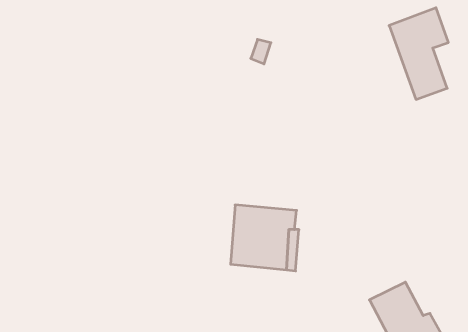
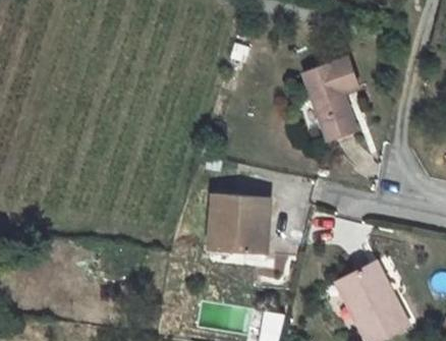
building: [389,8,448,99] -> [303,57,357,140]

